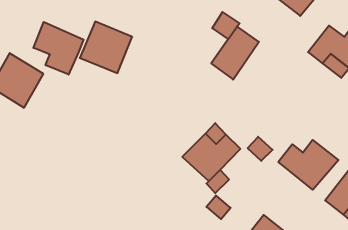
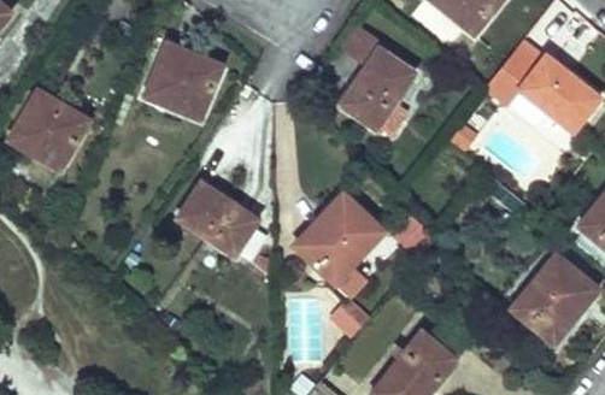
building: [33,22,84,75] -> none
building: none -> [177,181,260,255]
building: [278,140,338,190] -> none

